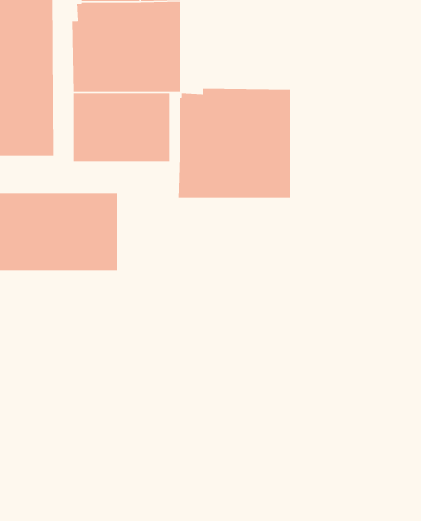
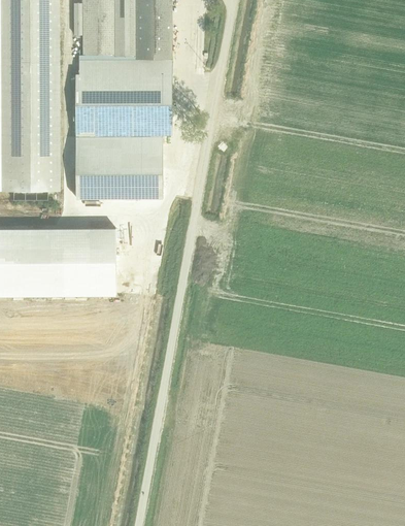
building: [178,88,291,199] -> none

